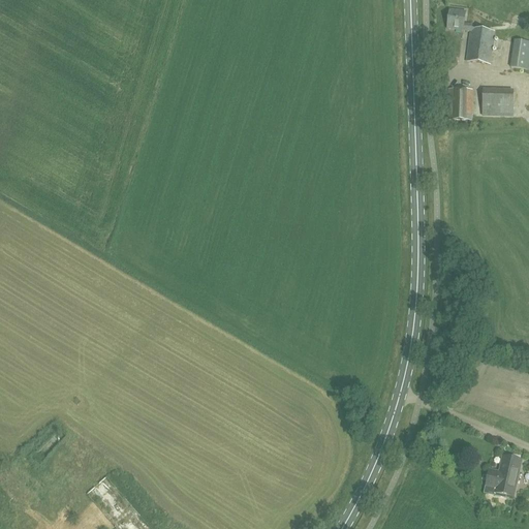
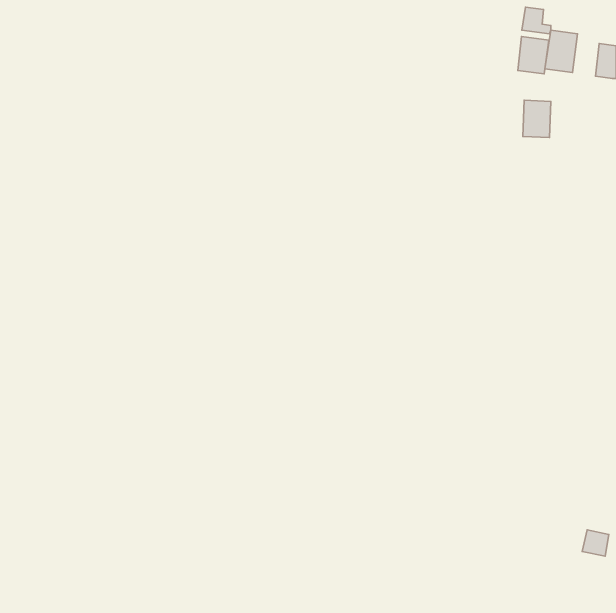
building: none -> [518,37,549,74]
building: [481,87,512,114] -> none
building: [485,470,518,494] -> none

